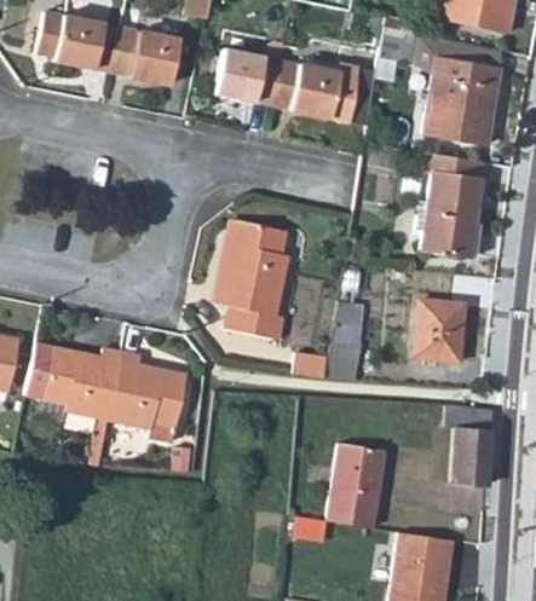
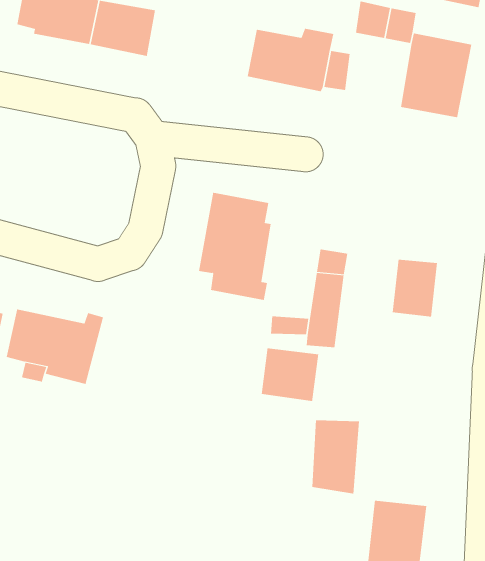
building: [211,45,277,103] -> none
building: [407,152,483,258] -> none
building: [103,349,181,441] -> none
building: none -> [261,347,319,402]
building: [439,405,494,489] -> none

